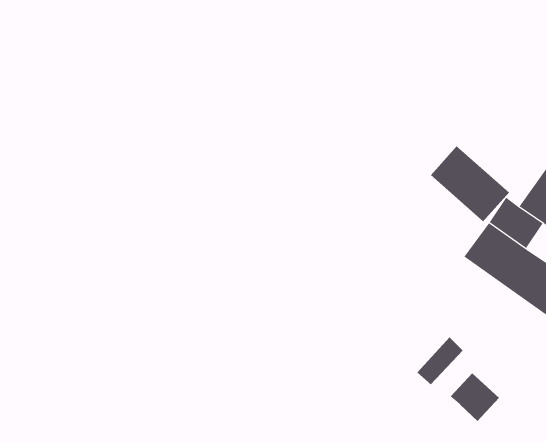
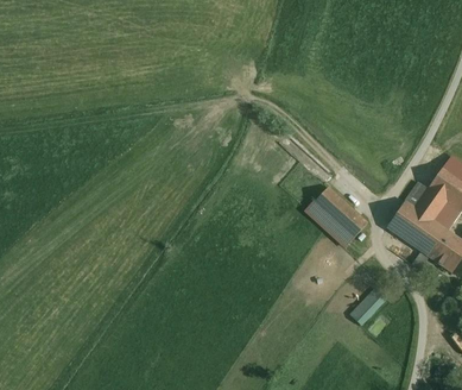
building: [430,145,510,222] -> [308,187,368,245]
building: [450,373,500,422] -> none

